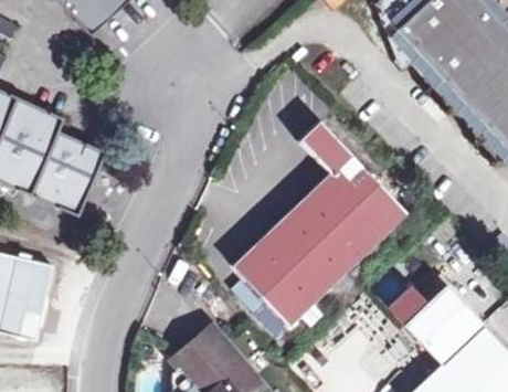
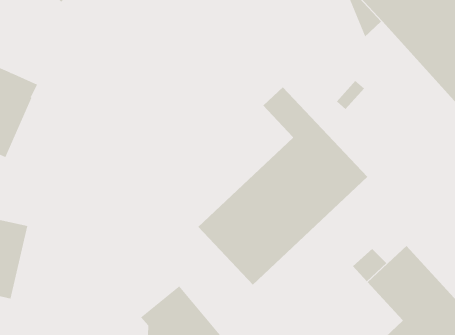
building: [32,131,106,215] -> none

